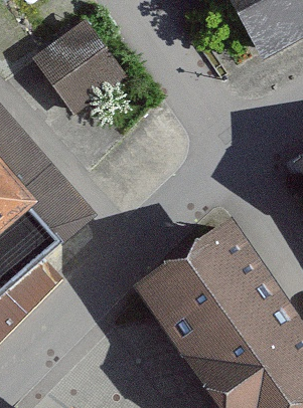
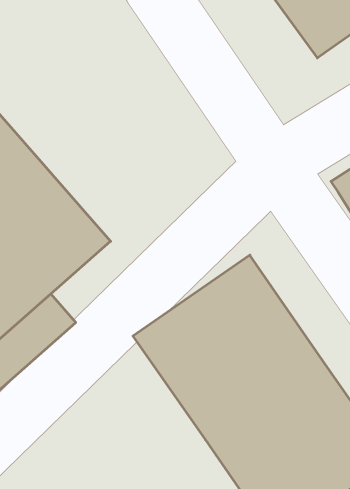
building: [33,20,127,116] -> none

